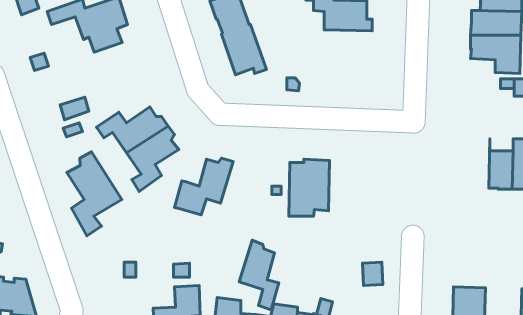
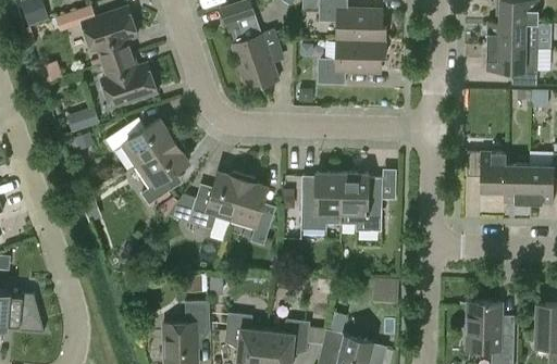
building: none -> [318,41,386,85]
building: none -> [102,54,157,109]
building: none -> [467,151,506,202]
building: [67,152,122,236] -> none
building: none -> [342,174,383,231]
building: [239,240,279,310] -> [232,175,272,246]

